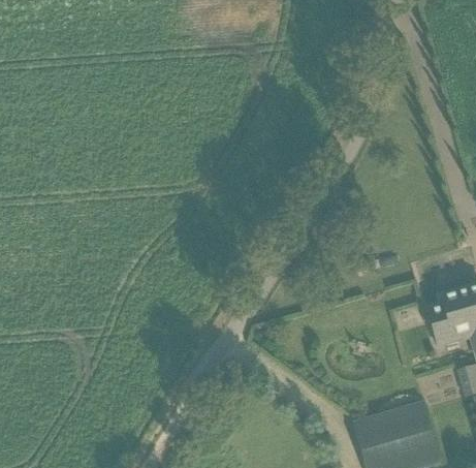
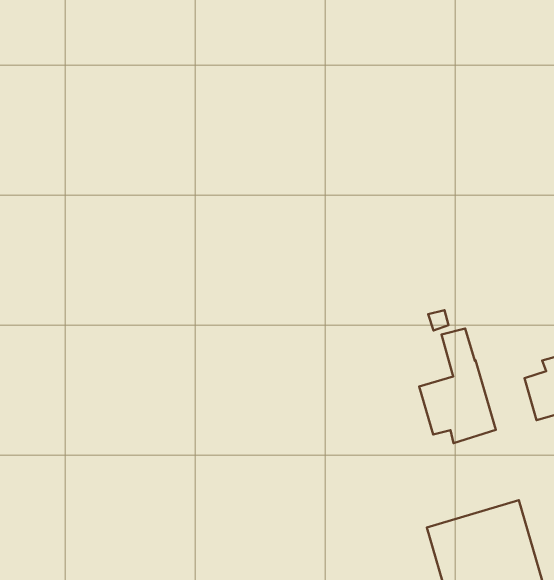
building: none -> [419,328,496,443]

